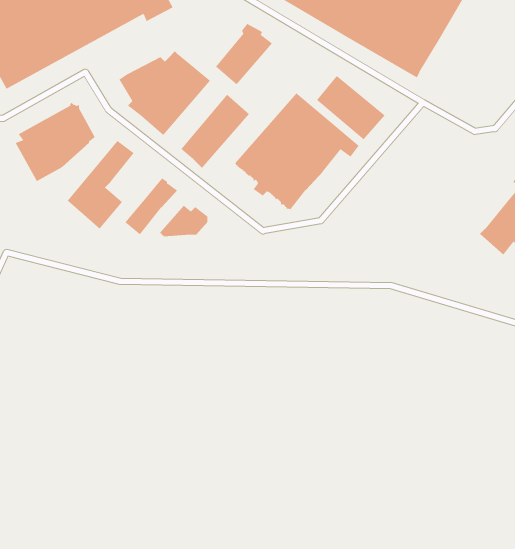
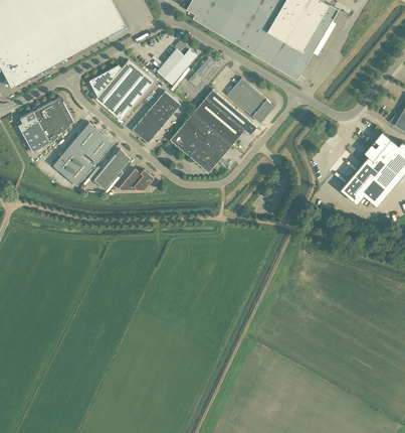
building: none -> [189,57,219,90]
building: none -> [84,132,112,161]

